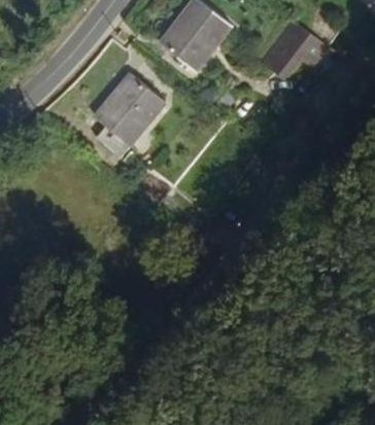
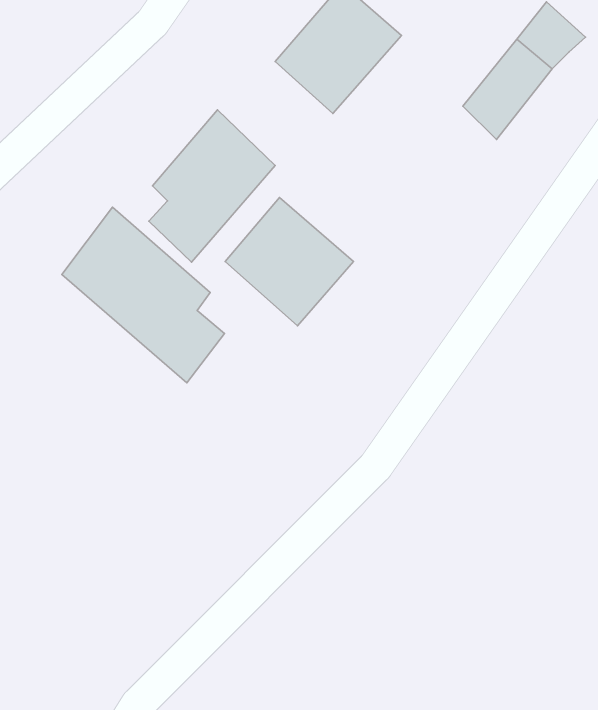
building: none -> [225,198,353,326]
building: none -> [62,207,225,383]

